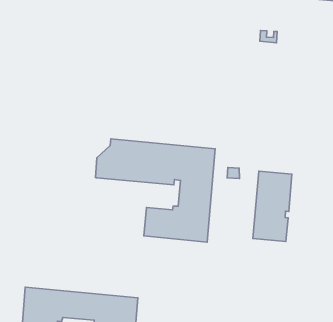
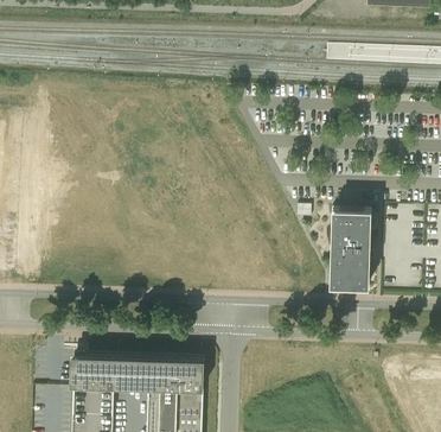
building: [95,139,215,242] -> none

